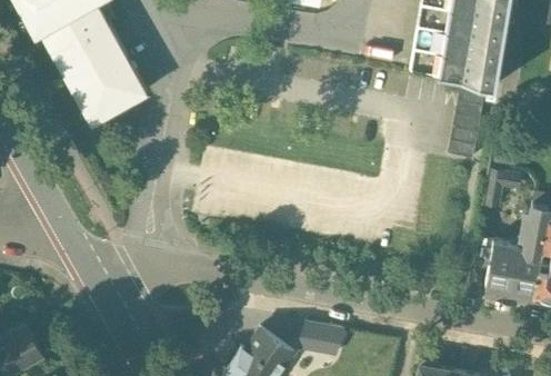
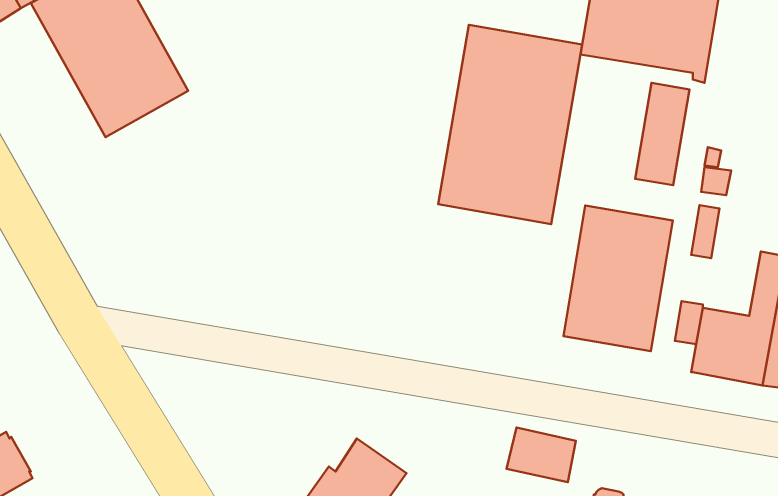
building: none -> [438,25,582,224]
building: none -> [563,206,673,351]
building: [300,319,347,356] -> [506,428,576,482]

